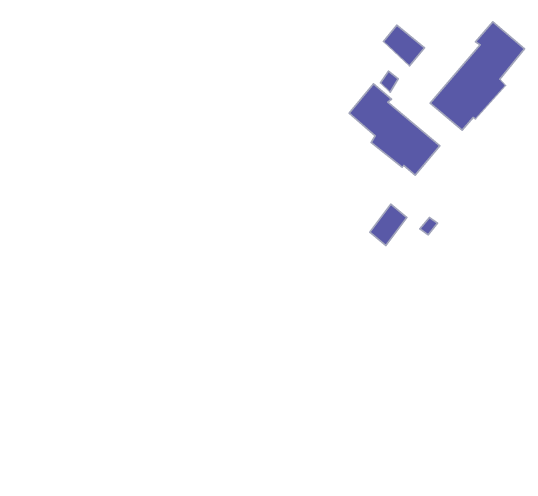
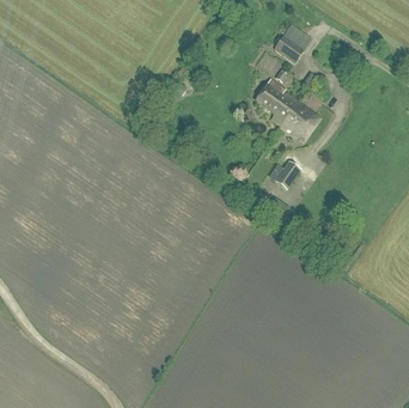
building: [430,22,525,130] -> none

